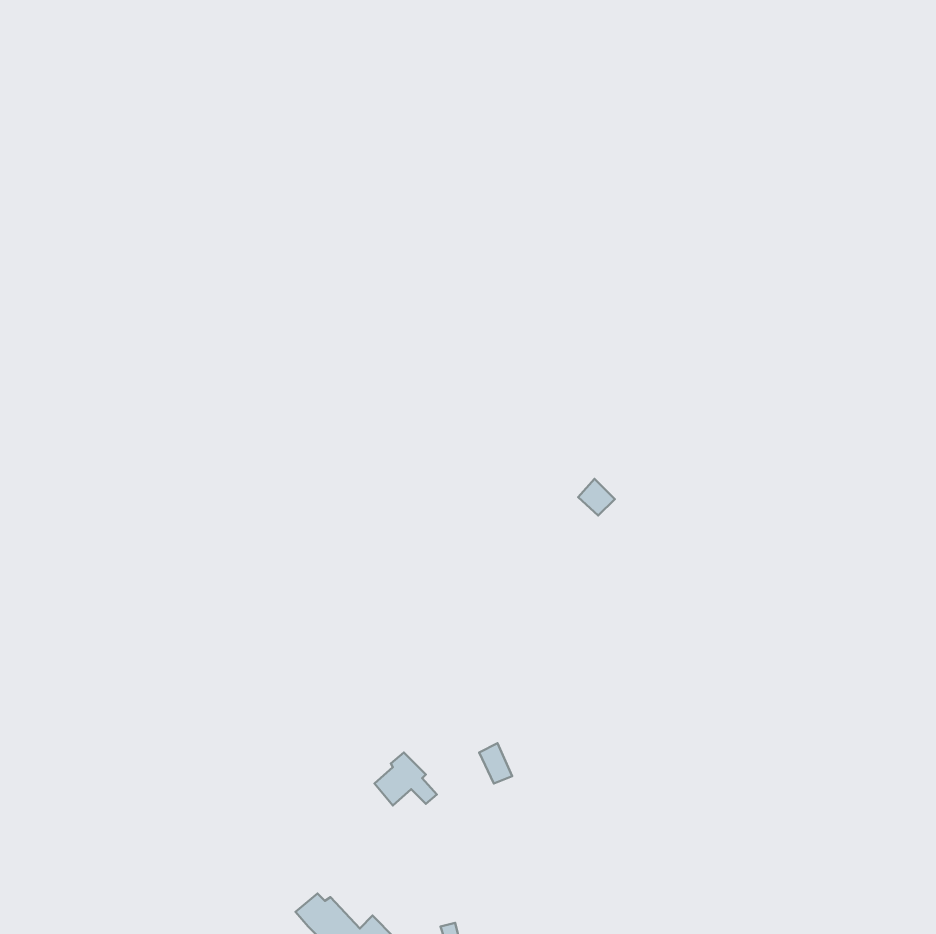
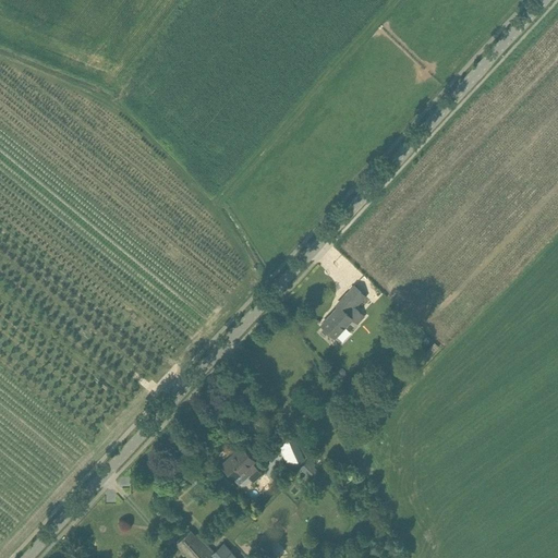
building: none -> [320,307,363,338]

